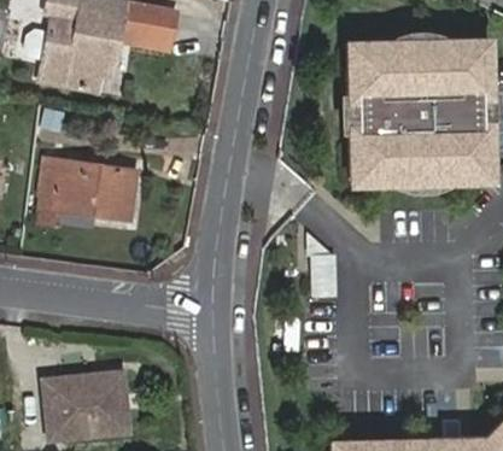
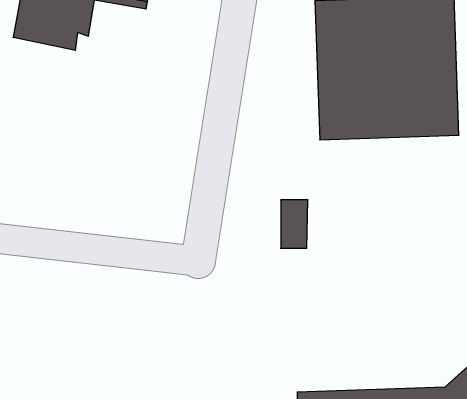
building: [39,158,138,226] -> none
building: [45,375,128,439] -> none

